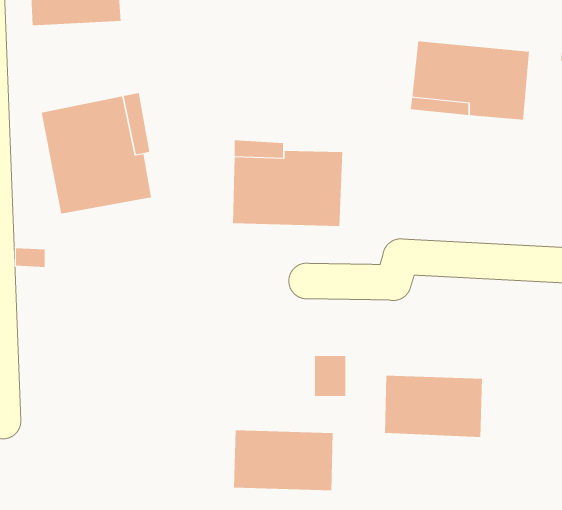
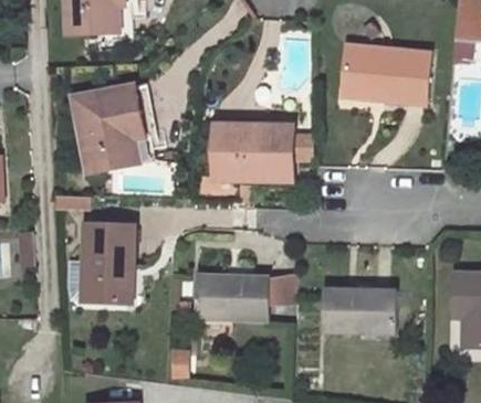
building: none -> [82,225,133,301]
building: [233,430,334,491] -> [195,275,268,319]

